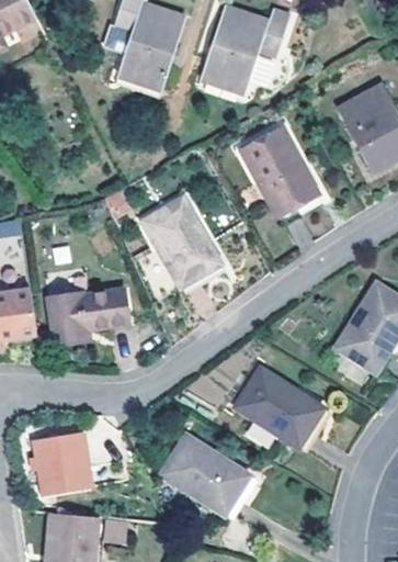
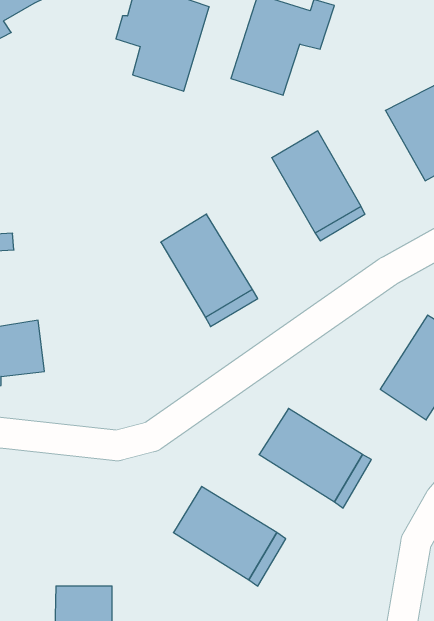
building: [57,291,138,351] -> none
building: [39,436,92,496] -> none

